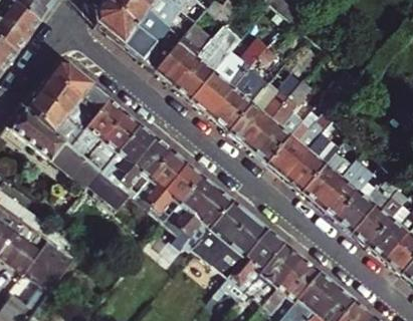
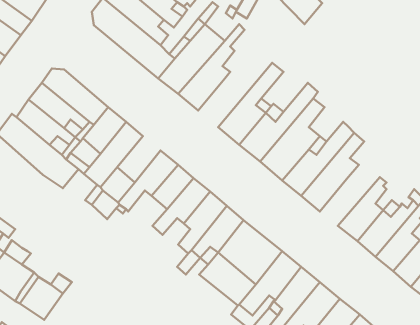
building: [191,50,258,116] -> none
building: [118,124,157,167] -> none
building: [301,156,356,206] -> none

